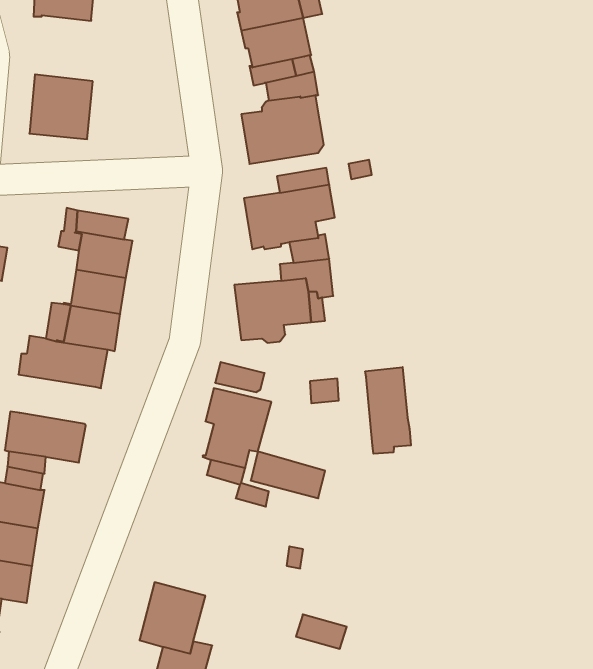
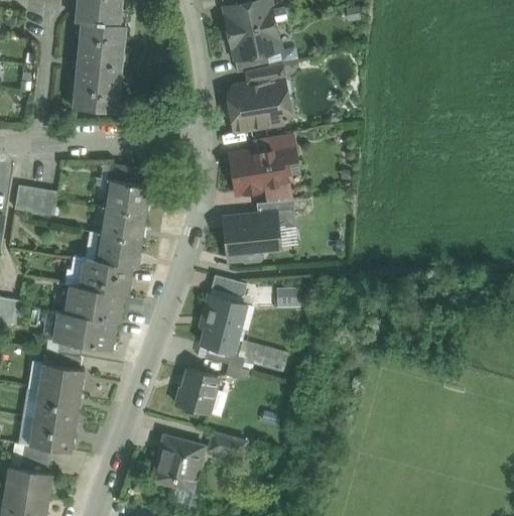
building: none -> [78,20,125,69]
building: [365,367,411,454] -> none
building: none -> [67,284,122,320]
building: none -> [176,368,218,412]
building: [296,614,347,649] -> [209,432,246,458]

